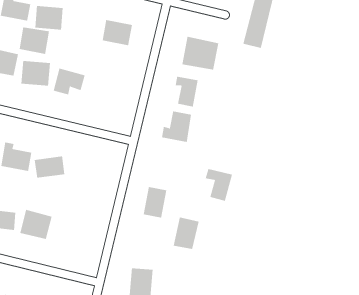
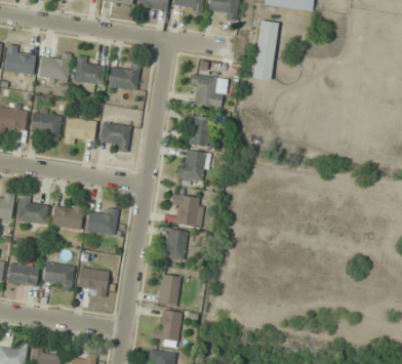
building: [19,27,50,54] -> [74,59,104,85]
building: none -> [100,124,128,148]
building: none -> [86,208,117,234]
building: [205,168,233,202] -> [171,194,199,226]
building: [173,217,199,250] -> [156,273,180,305]
building: none -> [77,269,109,294]

